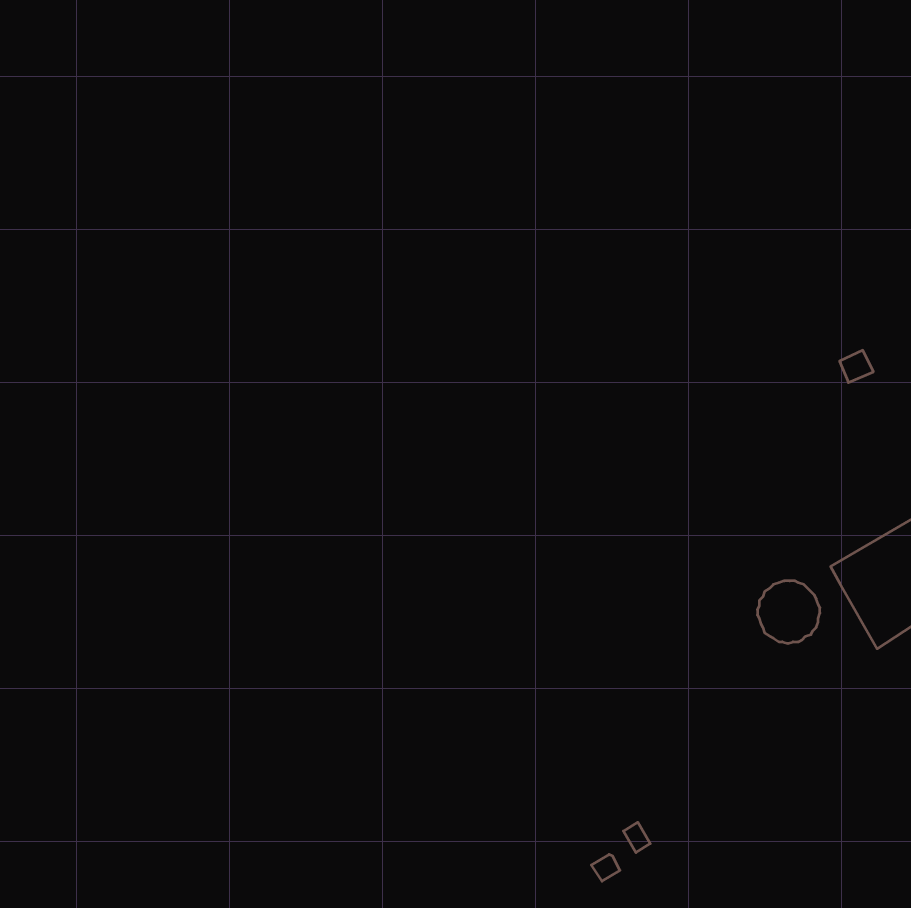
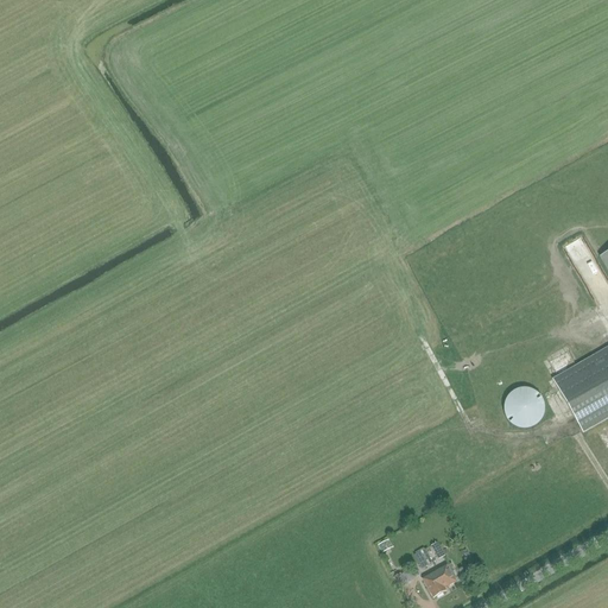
building: none -> [423,562,458,595]

